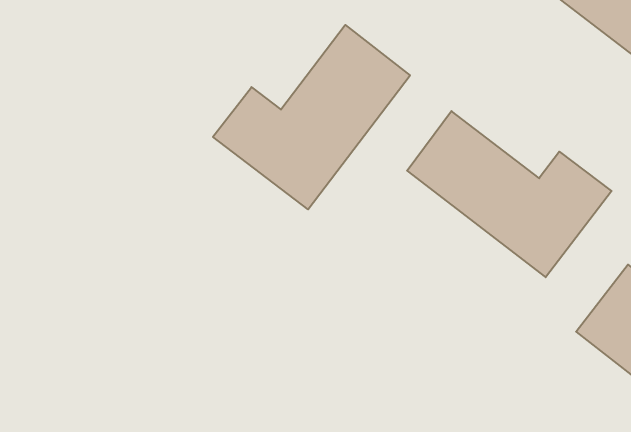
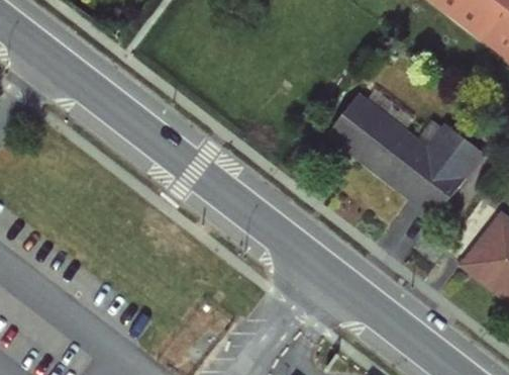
building: [213,25,410,209] -> none

